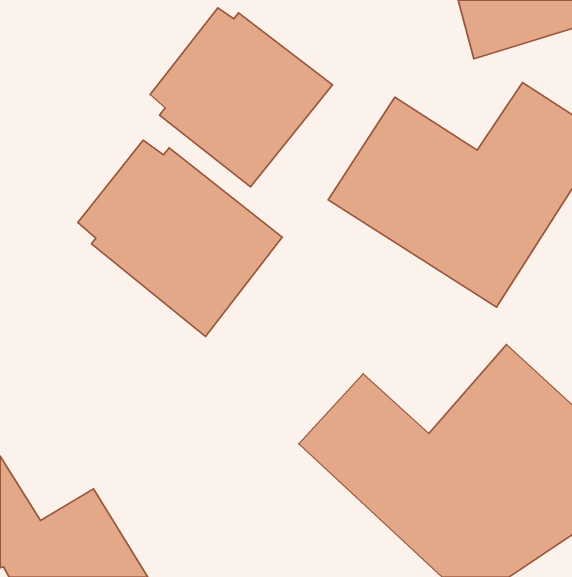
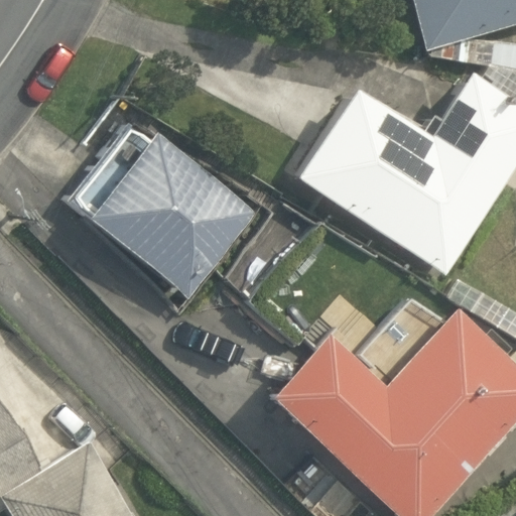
building: [150,8,333,187] -> none

